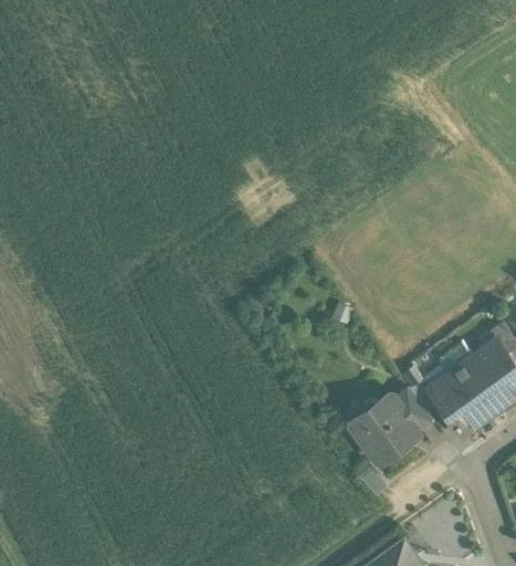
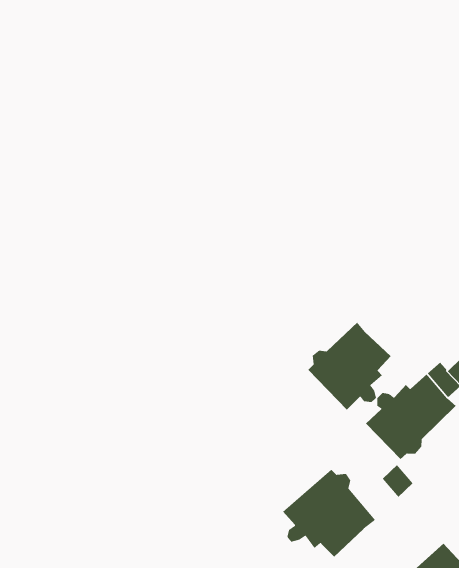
building: none -> [308,322,392,410]
building: none -> [282,469,376,558]

